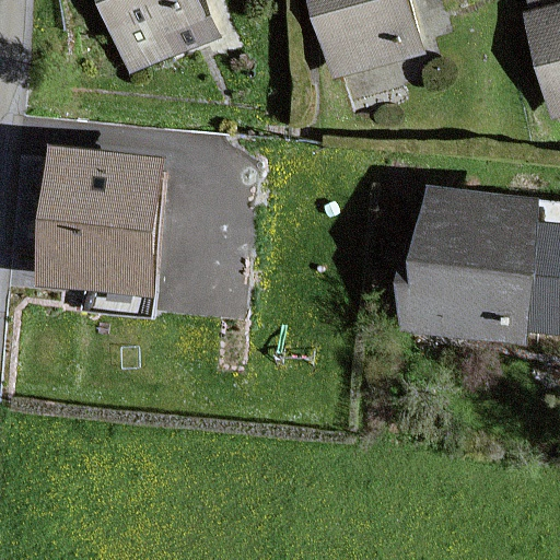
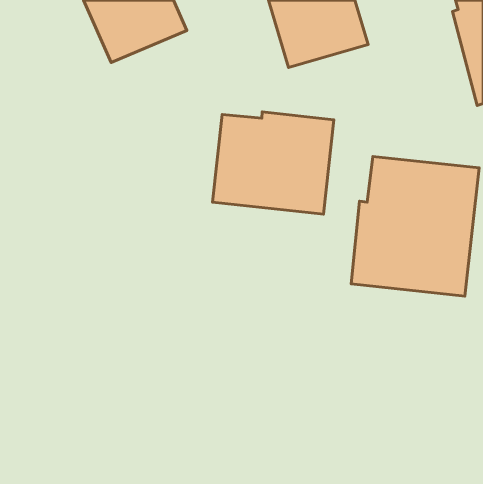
building: none -> [213,112,334,214]
building: [35,147,165,298] -> none

